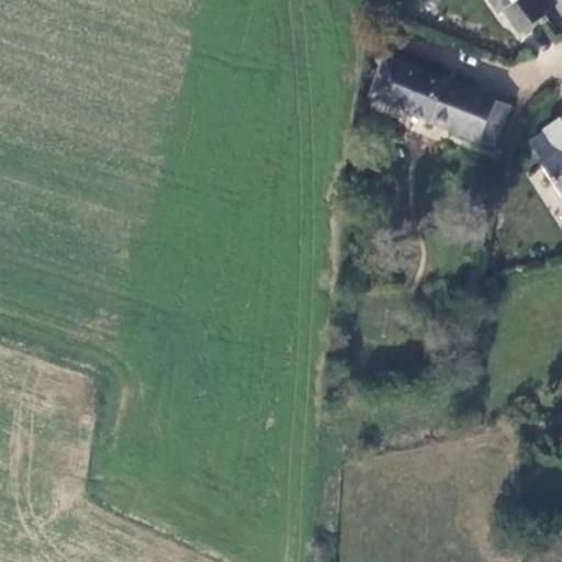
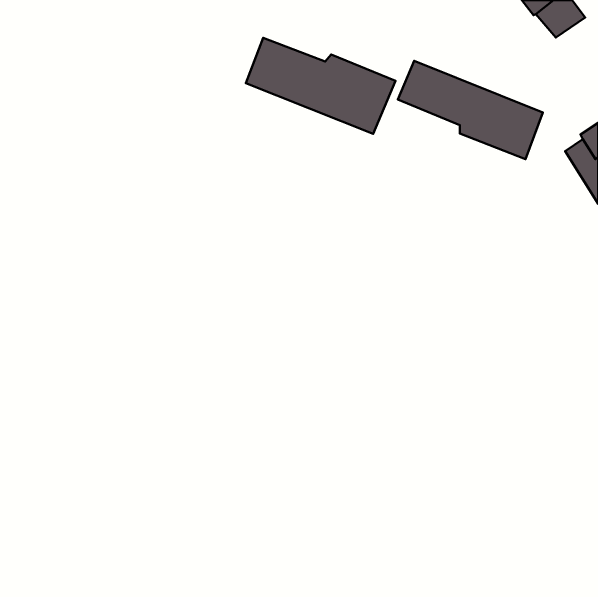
building: none -> [246,38,396,134]

